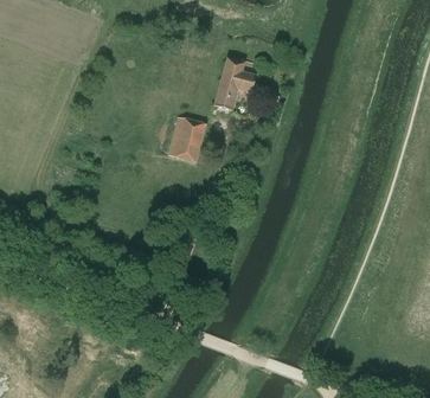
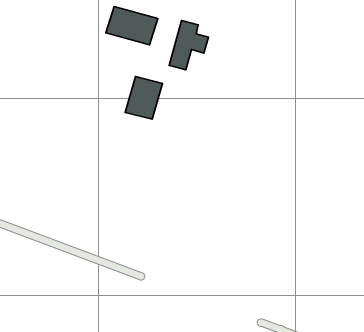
building: none -> [106,6,158,45]

